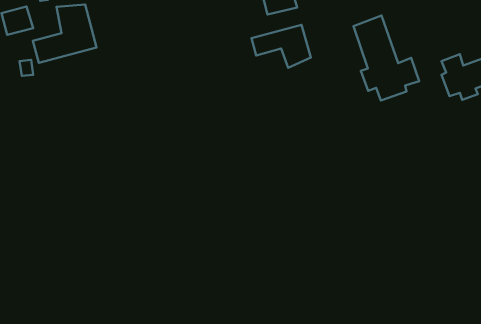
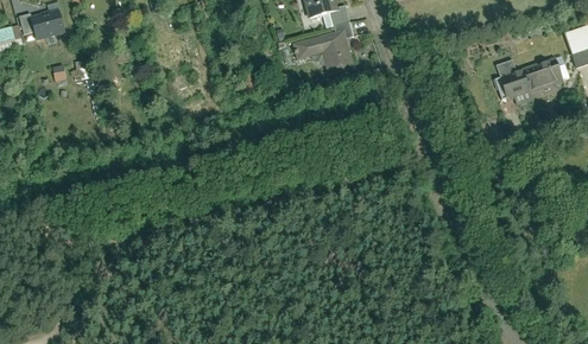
building: [33,5,96,63] -> none
building: [354,16,419,101] -> none

